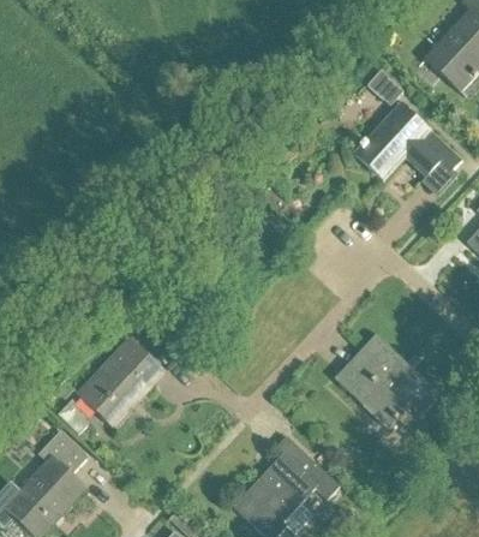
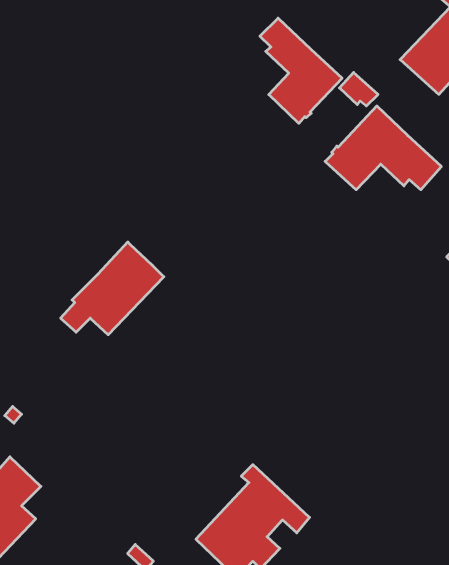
building: none -> [260,18,342,123]
building: [335,335,439,428] -> none
building: [67,339,163,425] -> [61,242,164,335]

